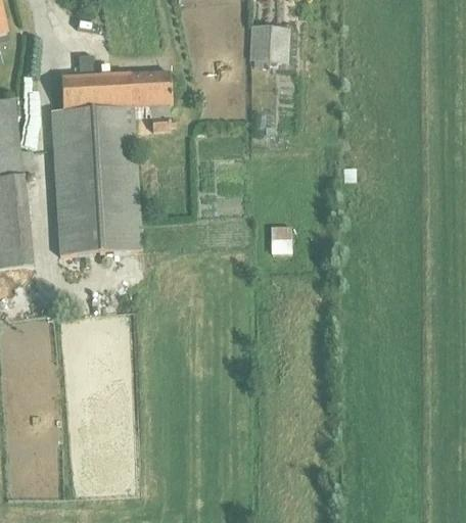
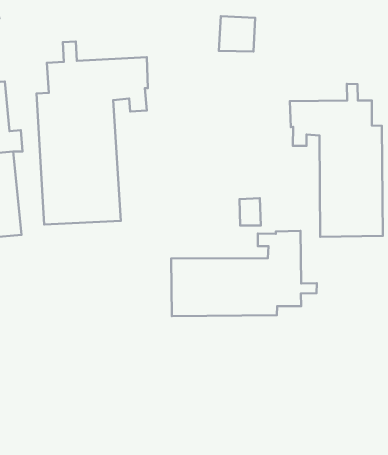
building: none -> [290,84,383,237]
building: none -> [171,231,317,316]

